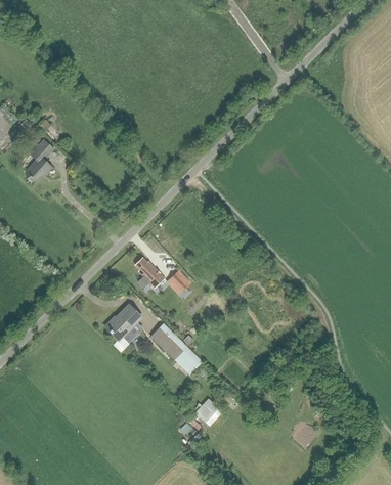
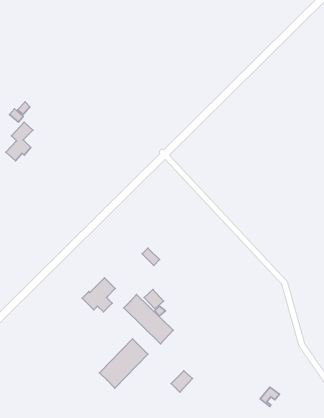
building: [134,256,164,286] -> none
building: none -> [99,339,148,388]

